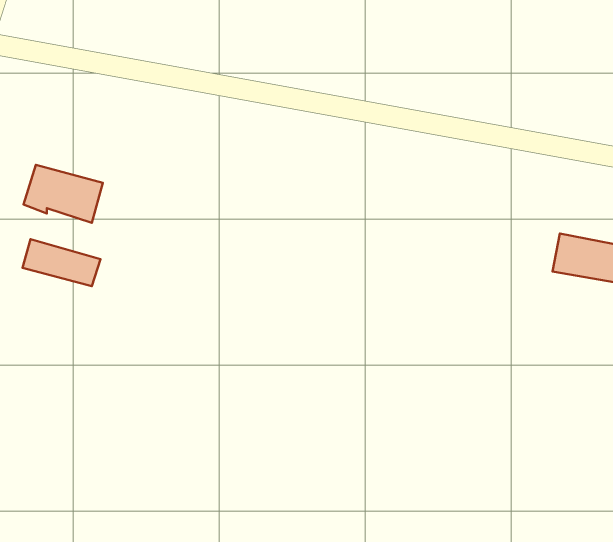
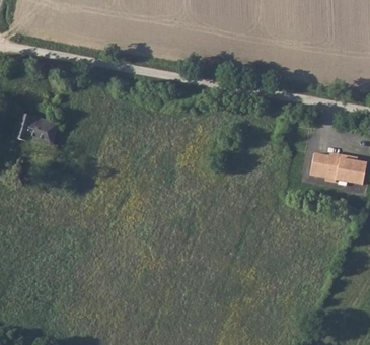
building: [23,239,100,286] -> none

